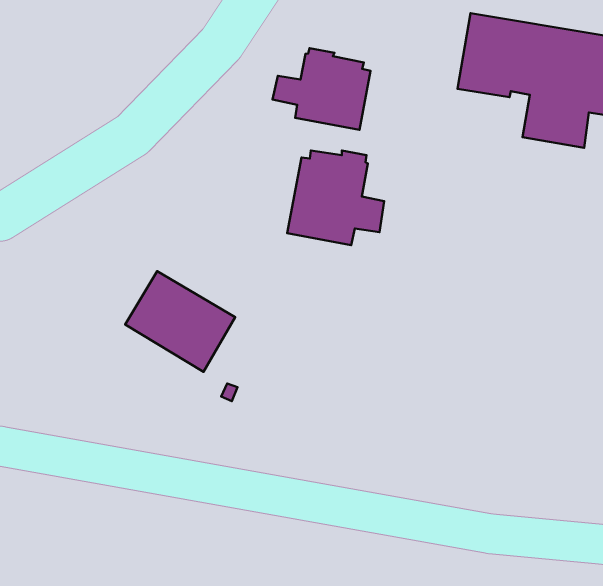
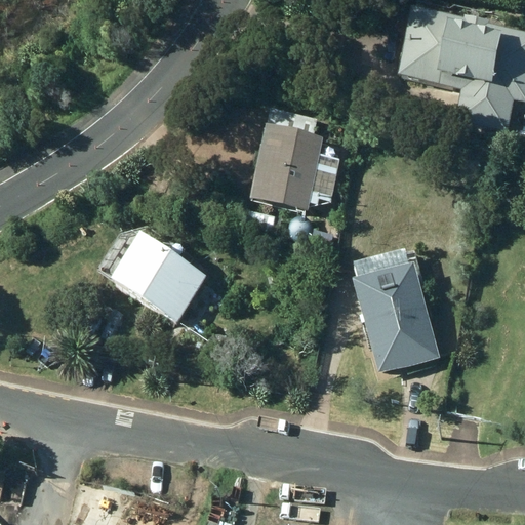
building: [272,48,370,130] -> none
building: none -> [350,249,440,372]

